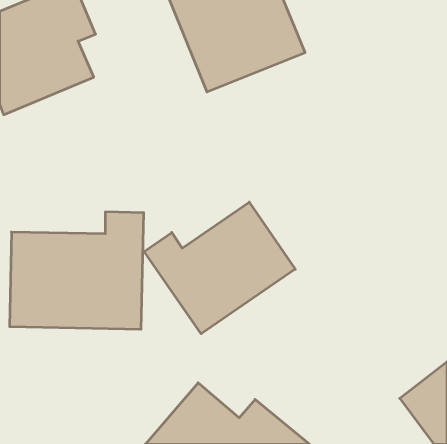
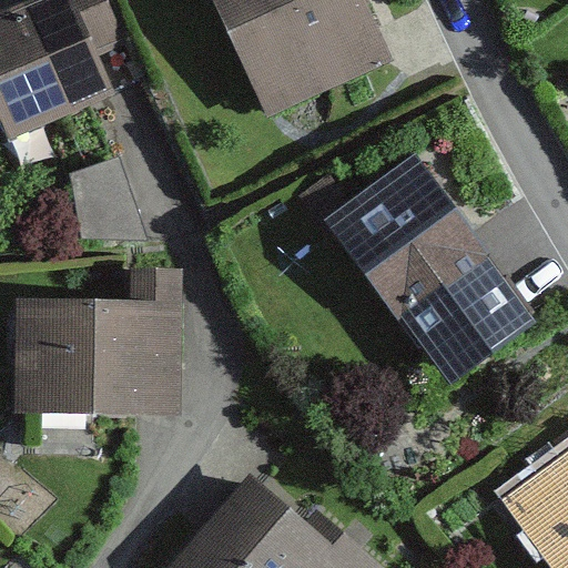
building: none -> [327,155,532,384]
building: [144,202,295,334] -> none

